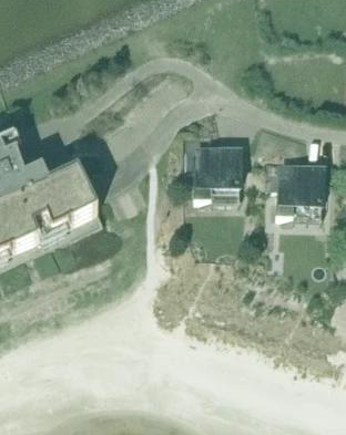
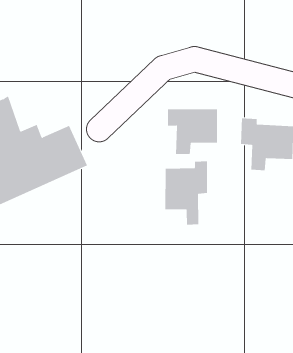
building: none -> [165,161,208,225]

